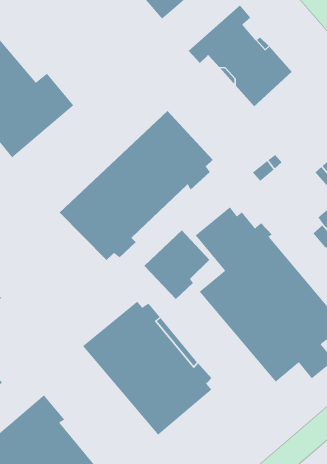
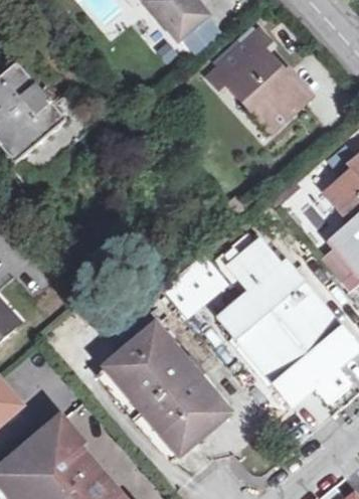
building: [59,110,214,261] -> none

